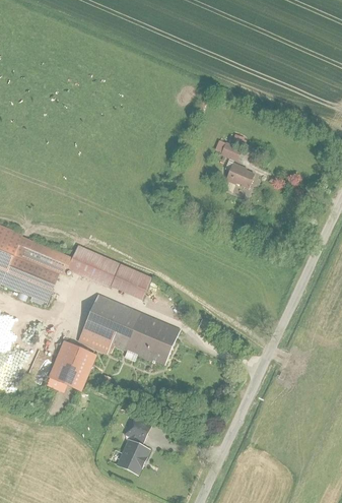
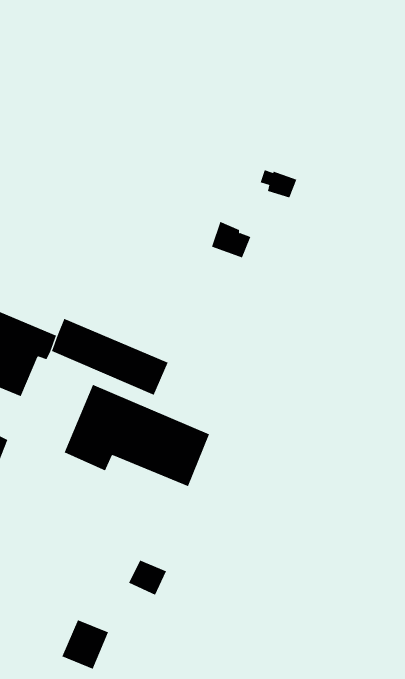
building: [225,162,254,188] -> [211,221,251,258]
building: [47,339,95,390] -> none
building: [115,439,148,475] -> [62,619,109,669]

